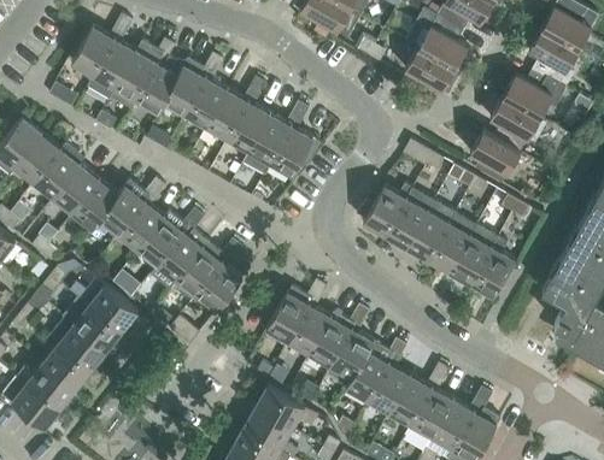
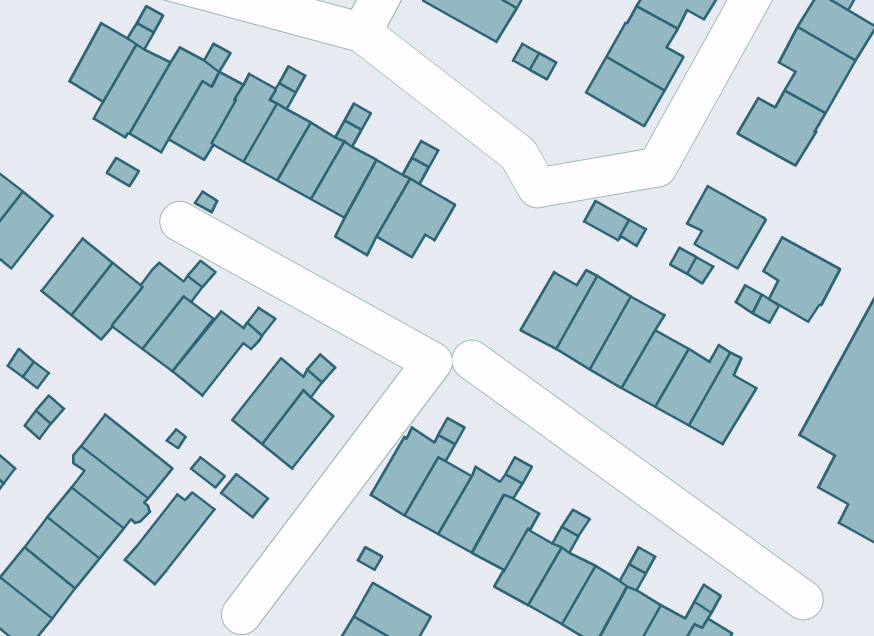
building: [491,96,540,151] -> [763,237,840,322]
building: [35,149,81,204] -> none
building: [151,230,209,289] -> [125,493,215,584]

